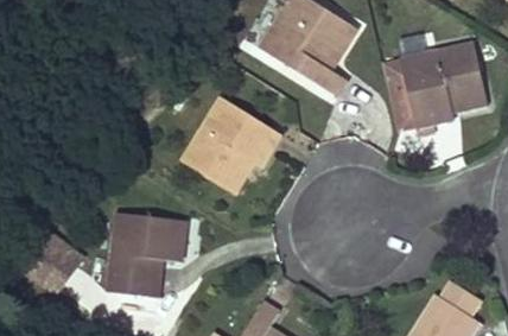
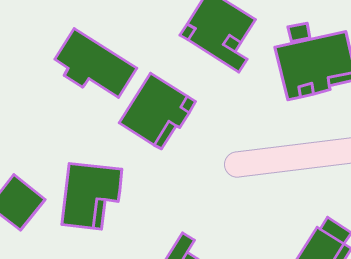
building: none -> [55,29,137,98]

